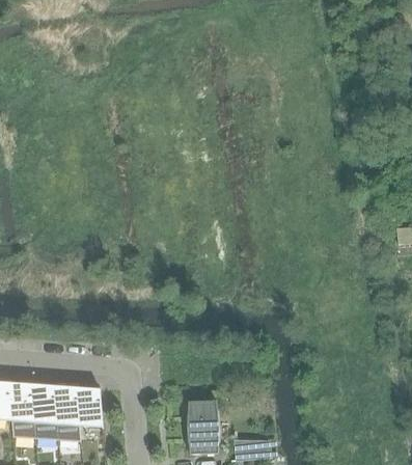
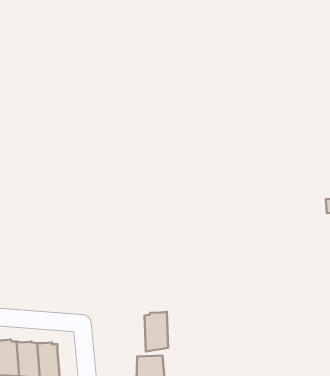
building: none -> [144,312,168,352]

